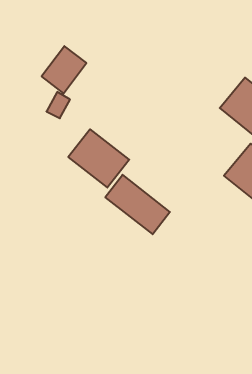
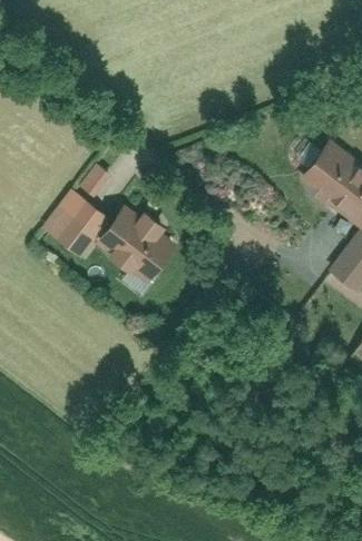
building: [42,46,86,93] -> [53,195,112,257]
building: [105,175,170,234] -> none

